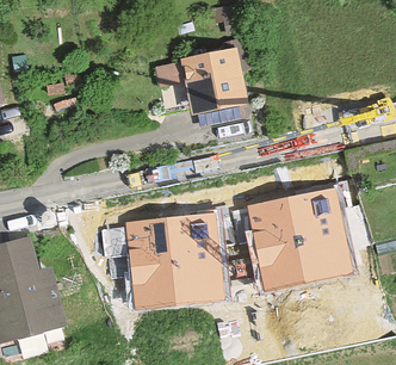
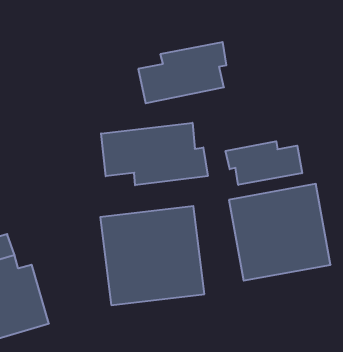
building: none -> [101,123,208,185]
building: none -> [226,141,302,185]

